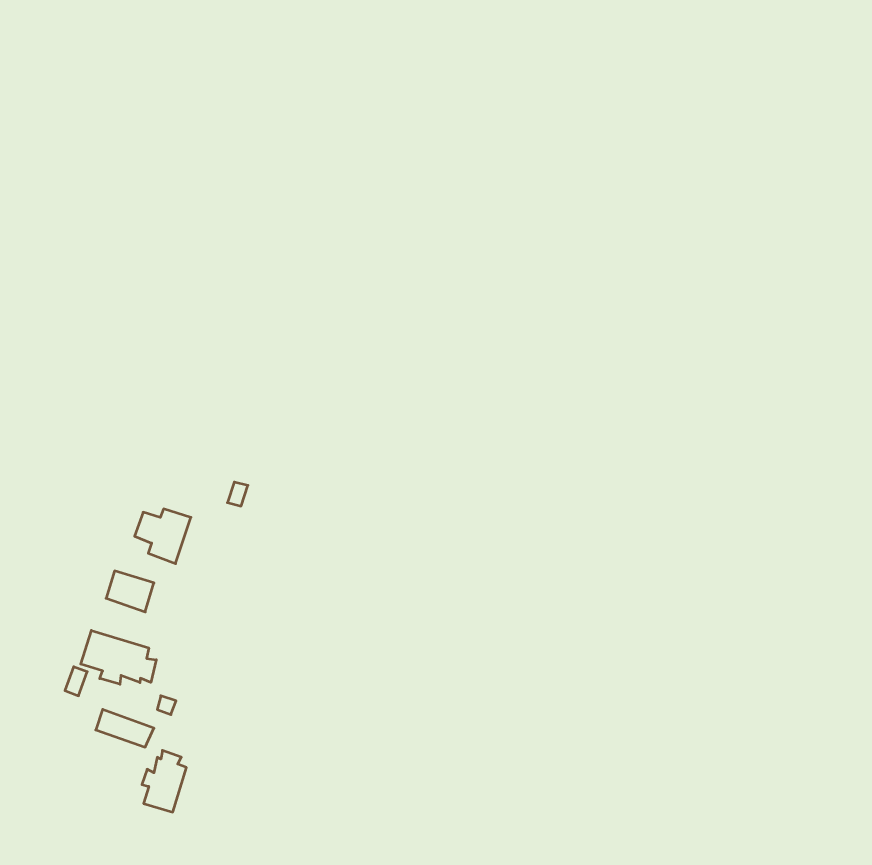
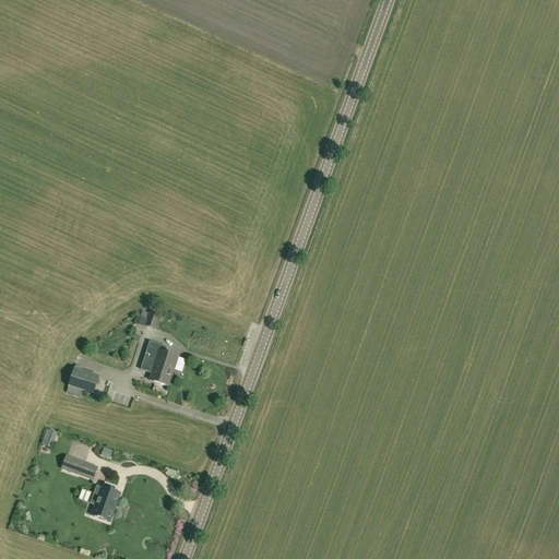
building: [135,509,191,564] -> [141,349,177,384]
building: [81,630,156,684] -> none

